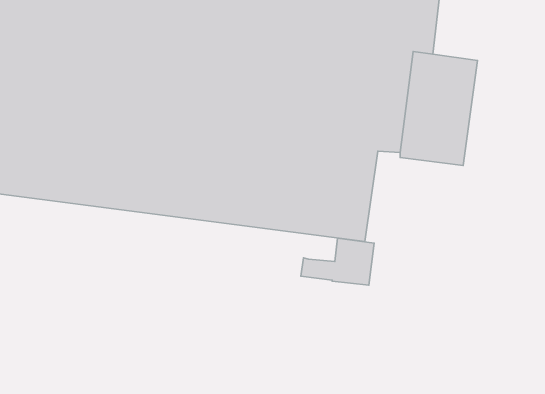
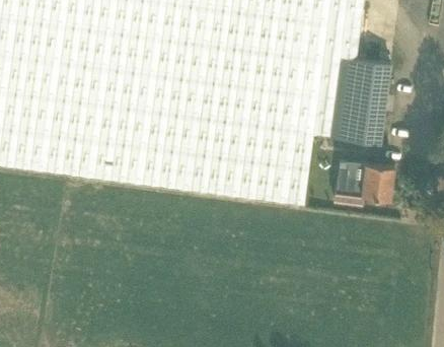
building: [301,238,374,285] -> [337,162,393,199]

